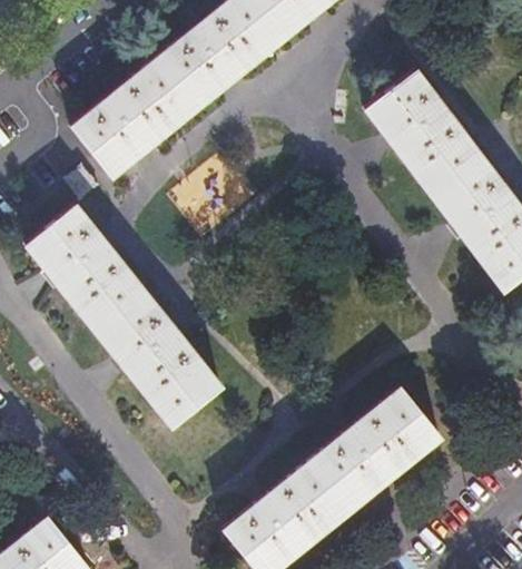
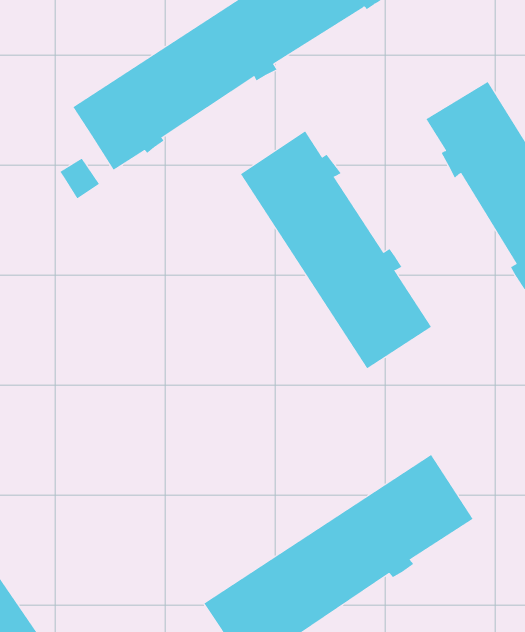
building: none -> [240,130,432,369]
building: [32,210,224,428] -> none

